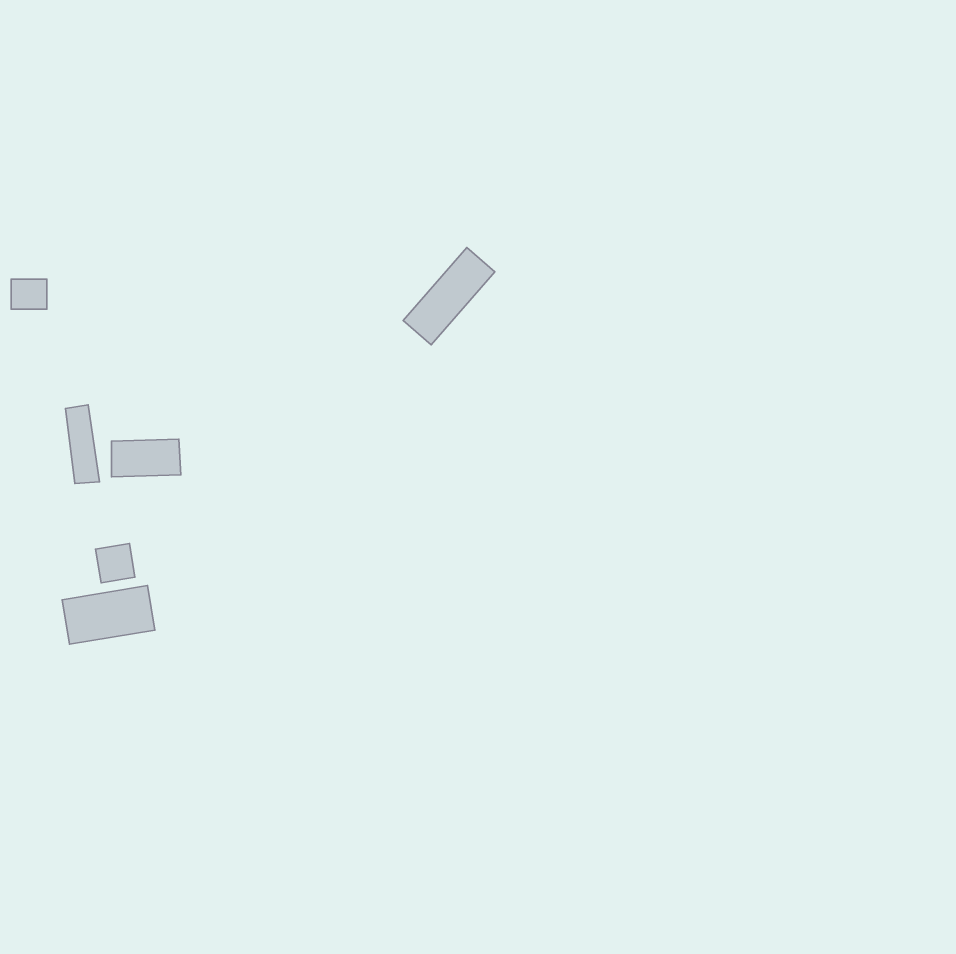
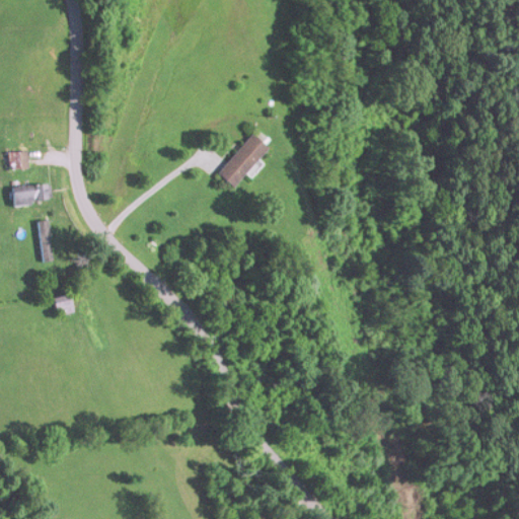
building: [111,439,181,477] -> [11,183,49,204]
building: [62,586,155,644] -> none

